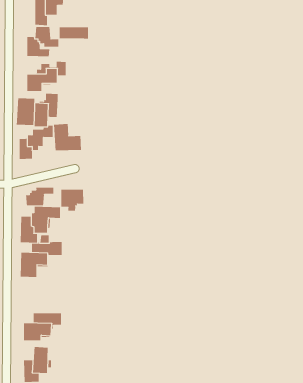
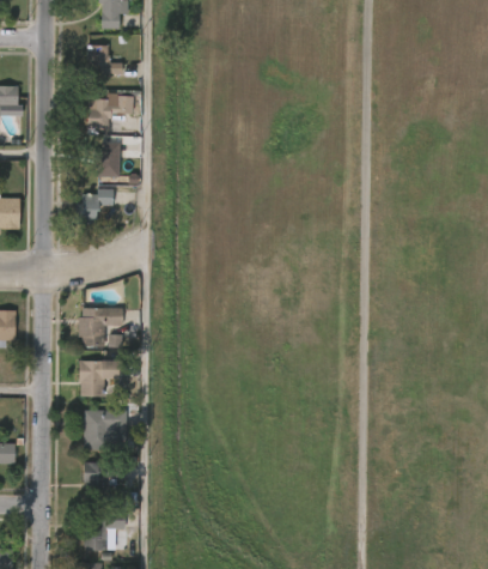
building: [59,27,88,39] -> none
building: [16,97,35,126] -> none
building: [53,123,82,151] -> none
building: [26,187,54,206] -> none
building: [61,189,84,212] -> none
building: none -> [85,410,128,449]

